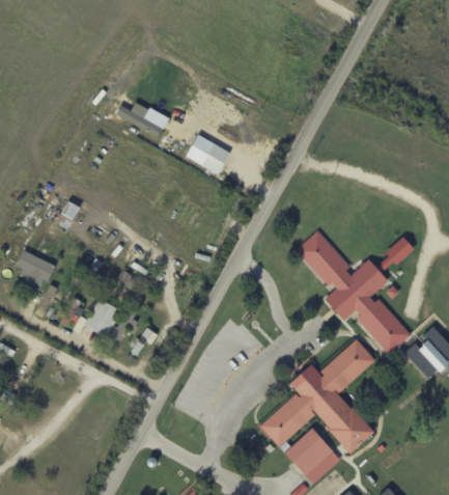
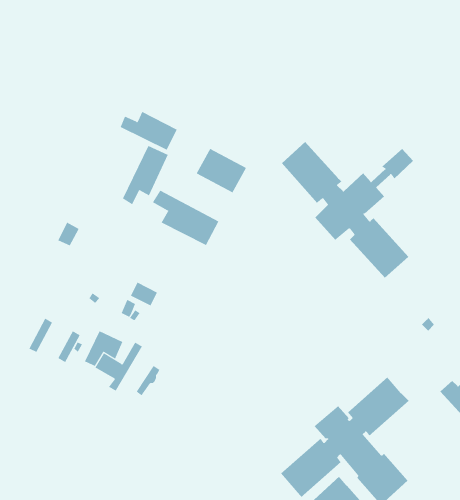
building: none -> [122,145,169,205]
building: none -> [152,190,219,246]
building: [296,231,415,355] -> [281,141,414,279]
building: [16,249,55,281] -> none

